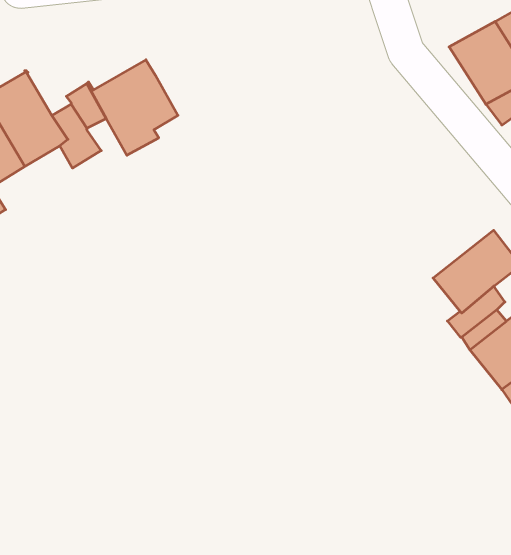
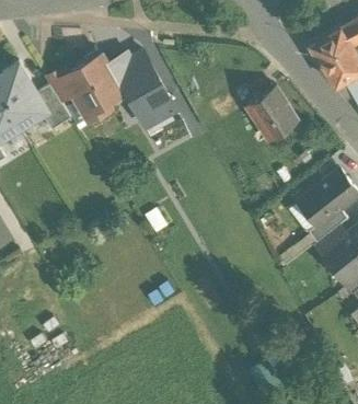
building: none -> [108,54,175,126]
building: none -> [246,88,298,141]

